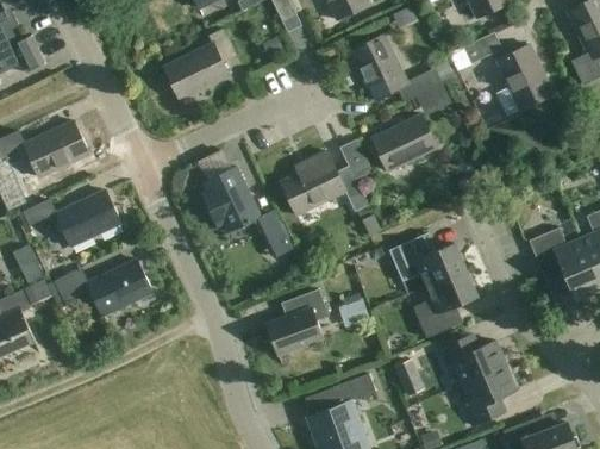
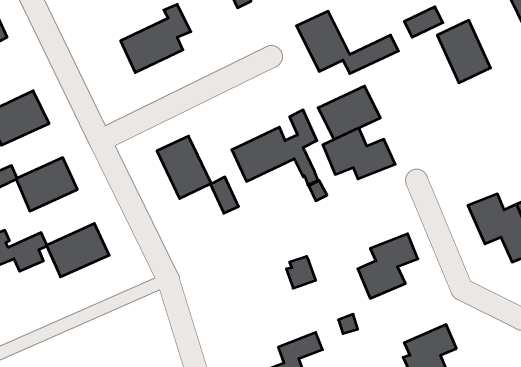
building: [389,232,465,286] -> [323,128,395,179]
building: [267,289,329,355] -> none
building: [439,335,506,385] -> none

